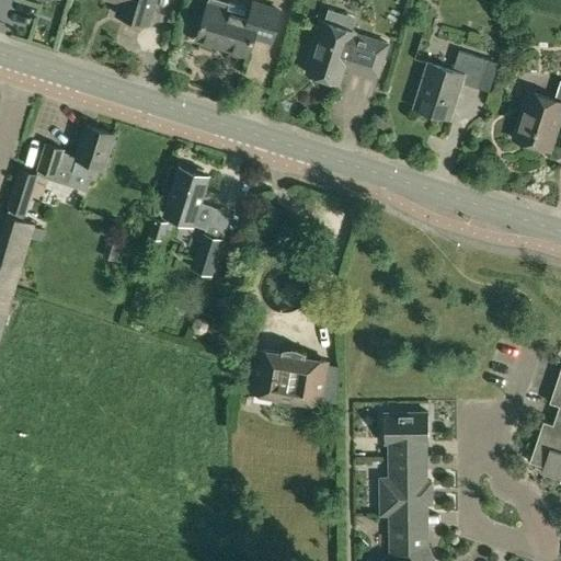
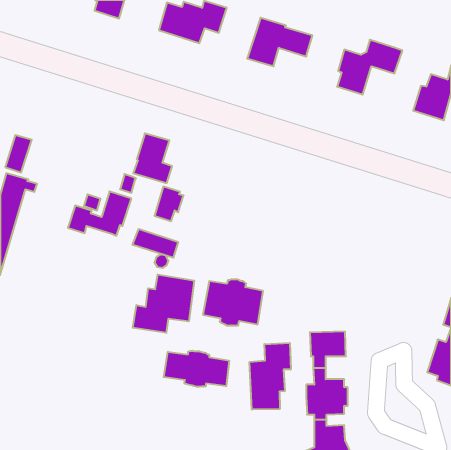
building: [36,126,115,181] -> [68,191,131,236]
building: none -> [133,229,178,258]
building: none -> [133,274,194,333]
building: none -> [250,343,291,410]
building: none -> [164,351,229,387]

